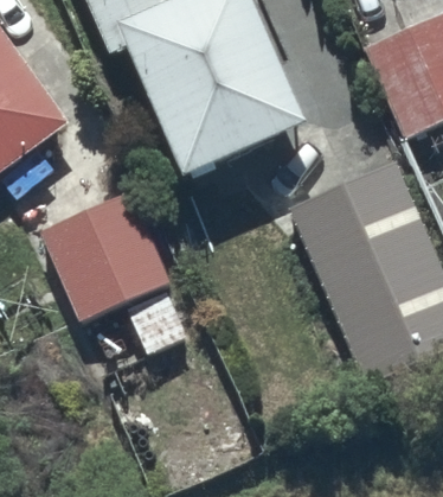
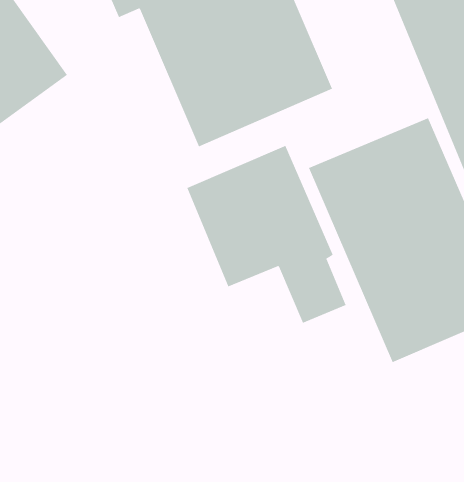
building: [39,193,186,357] -> [186,145,347,323]

